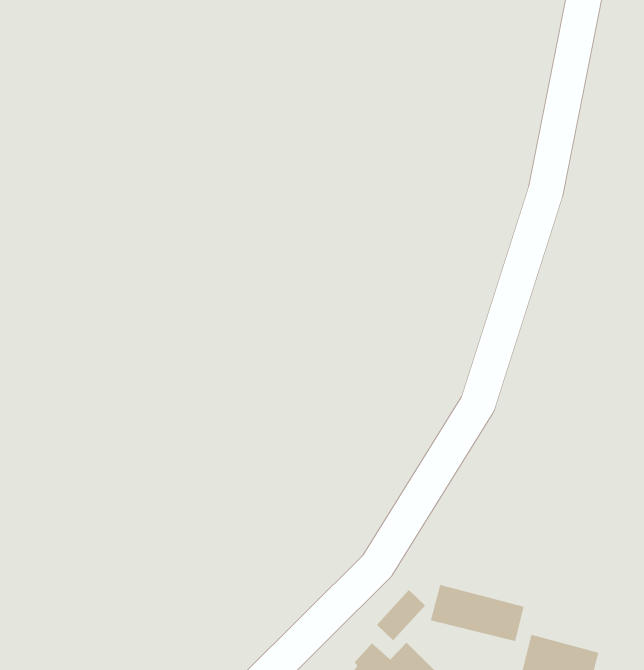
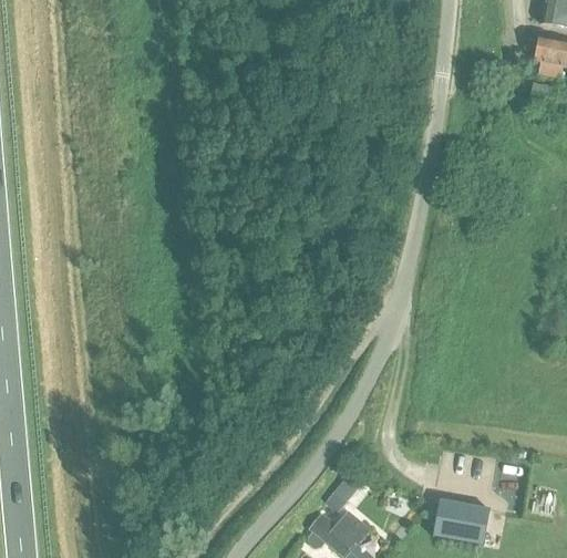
building: [430,584,524,642] -> none

